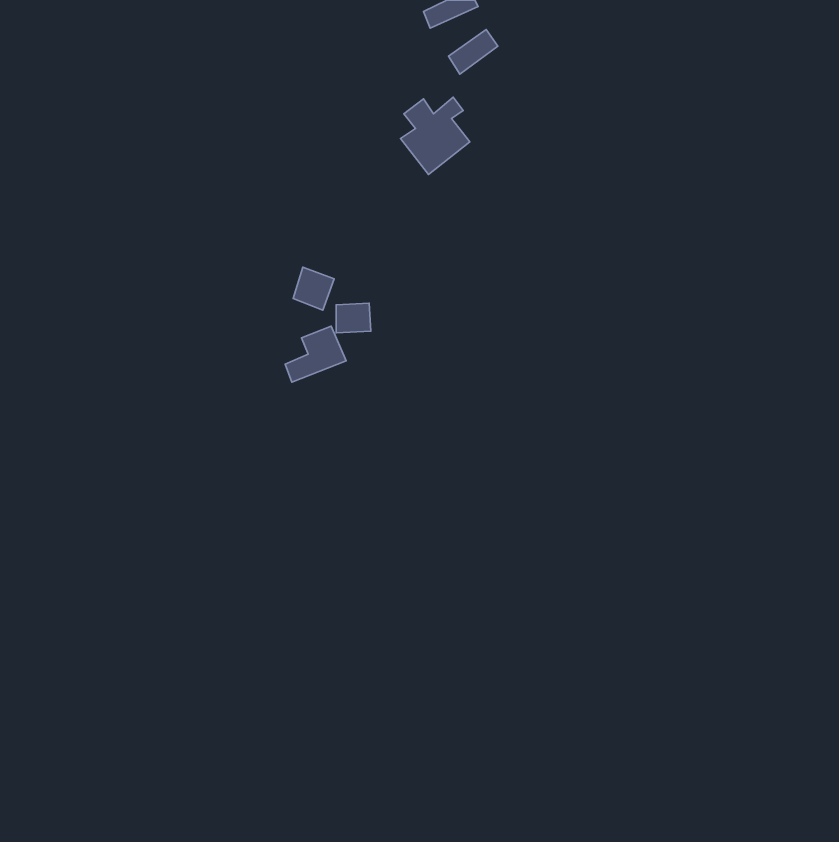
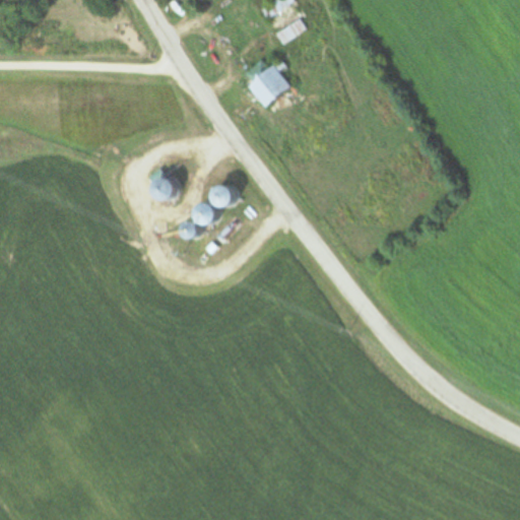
building: [293,267,334,310] -> [148,174,174,200]

